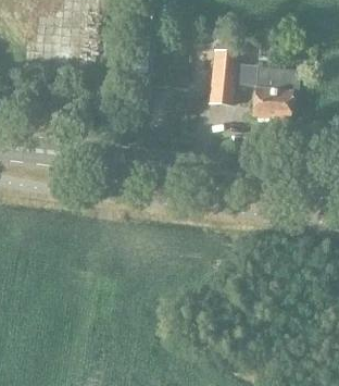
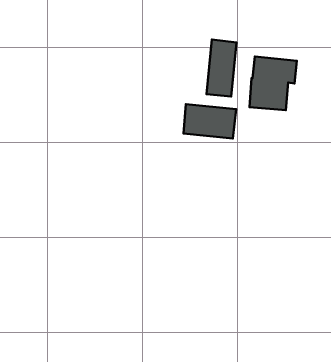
building: none -> [184,104,236,138]

